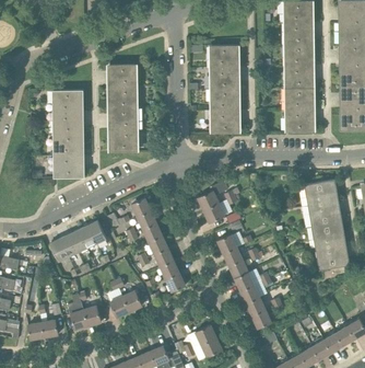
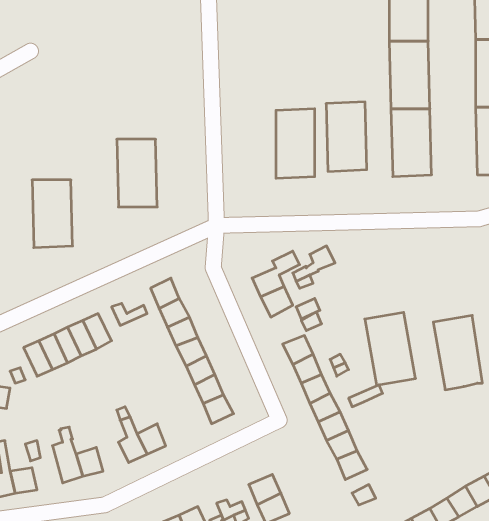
building: [212,44,238,89] -> [326,102,367,171]
building: [109,64,136,107] -> none
building: [56,90,81,134] -> none
building: [307,179,340,226] -> [365,312,416,385]

